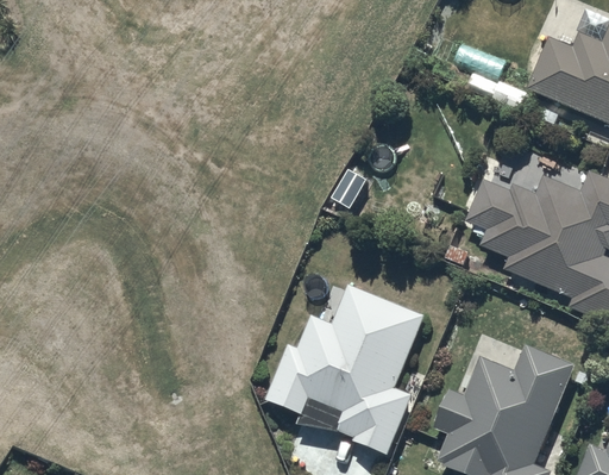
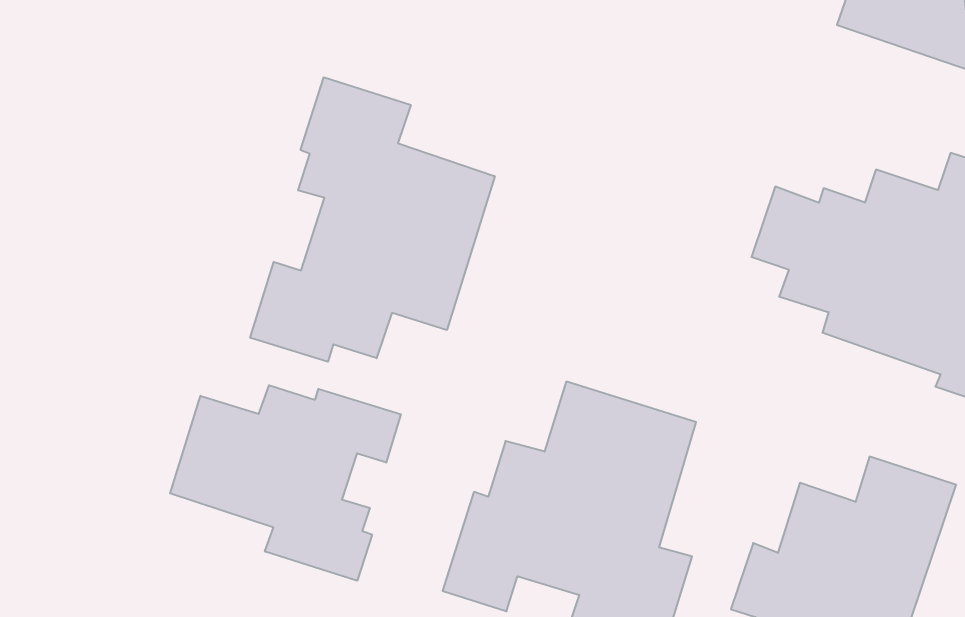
building: none -> [250,77,495,362]
building: none -> [170,385,401,581]

